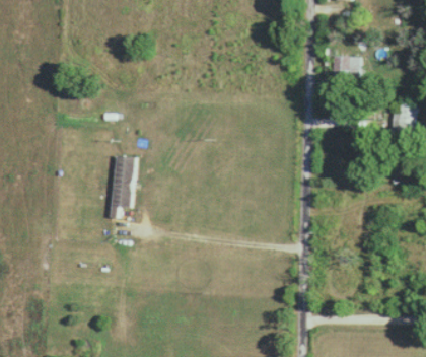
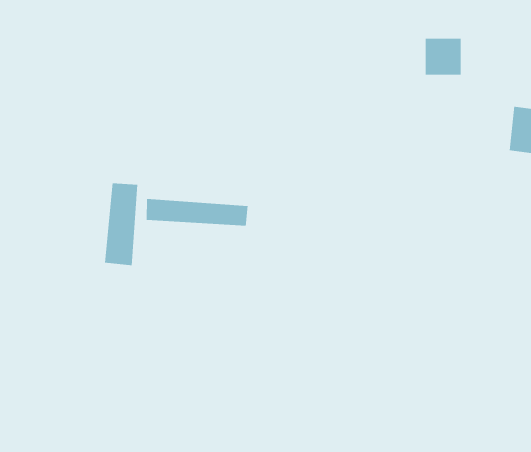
building: none -> [146,198,248,226]

